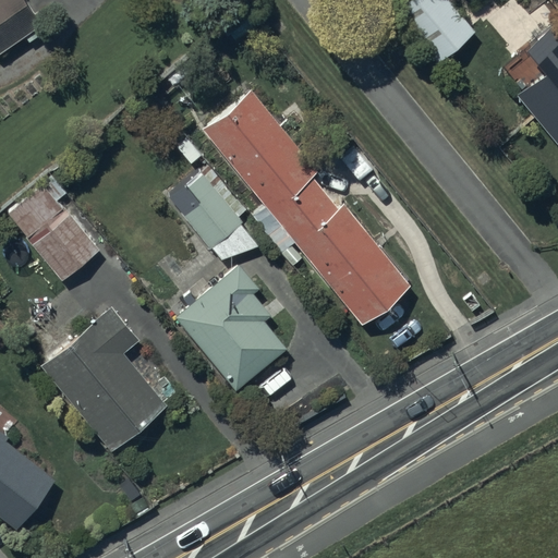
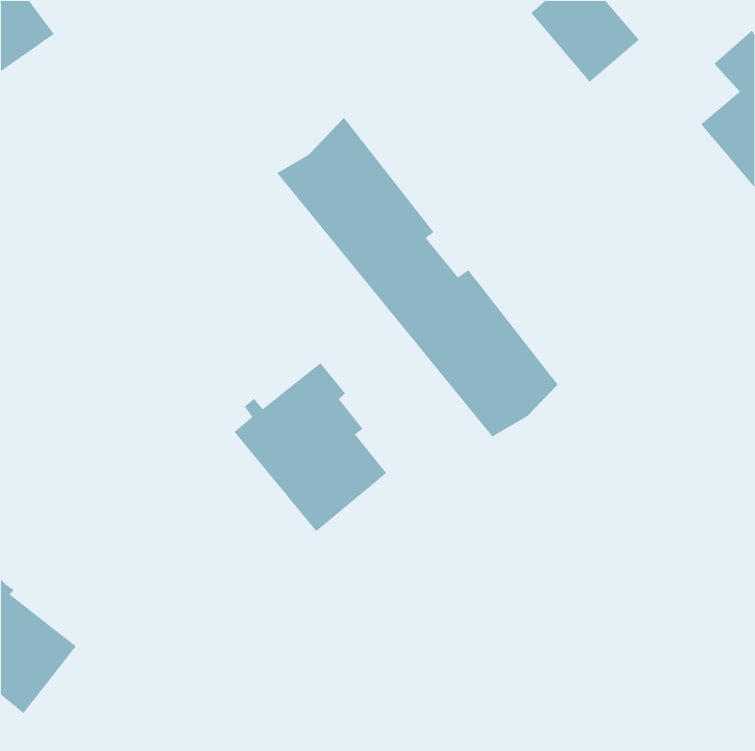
building: [167,163,257,260] -> none
building: [5,183,98,284] -> none
building: [43,306,166,448] -> none

